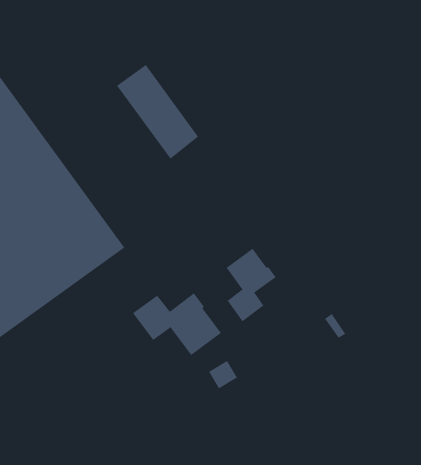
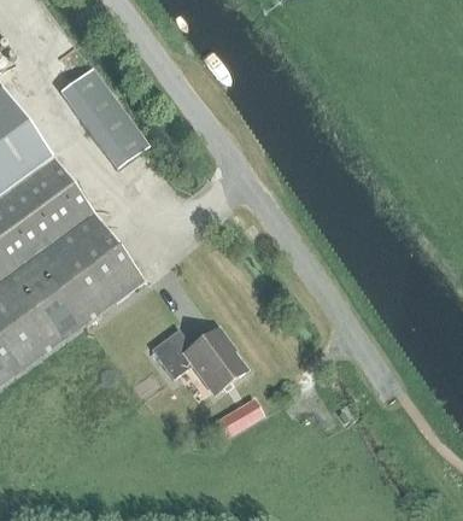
building: [116,64,199,160] -> [60,68,147,168]
building: [226,248,276,322] -> none

